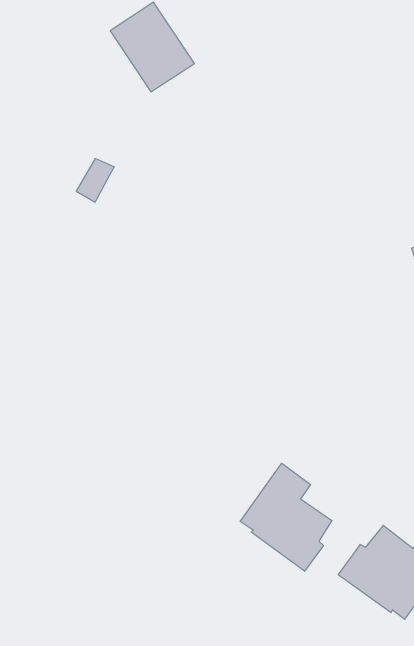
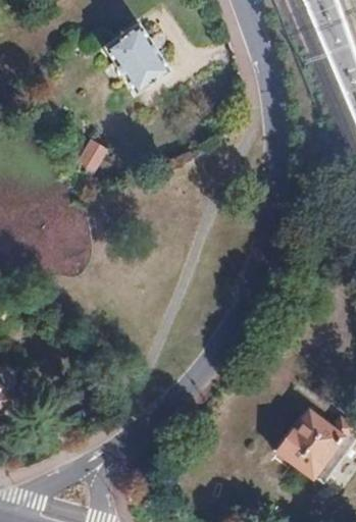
building: [240,463,332,571] -> none

